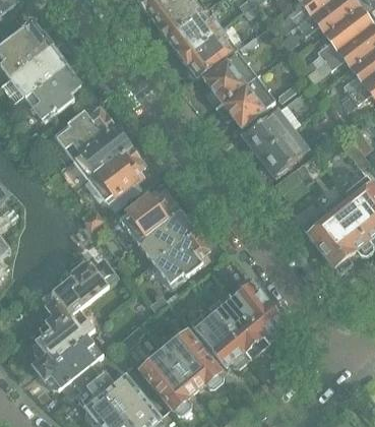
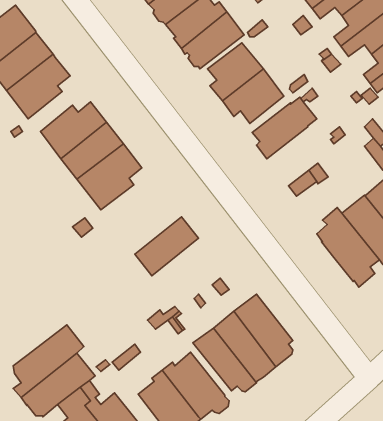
building: [257,129,309,175] -> none
building: [119,190,181,243] -> none
building: [154,229,211,288] -> none
building: [37,259,115,333] -> none

